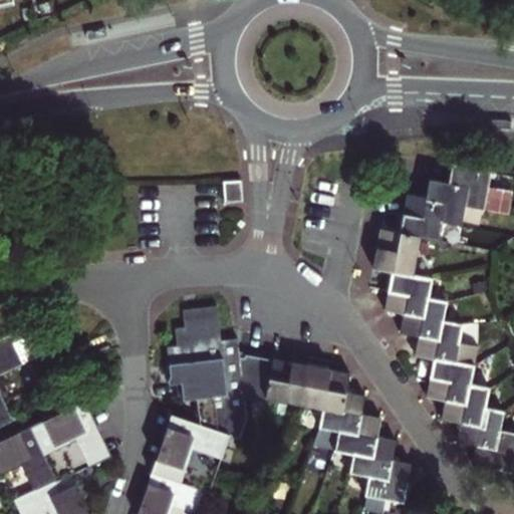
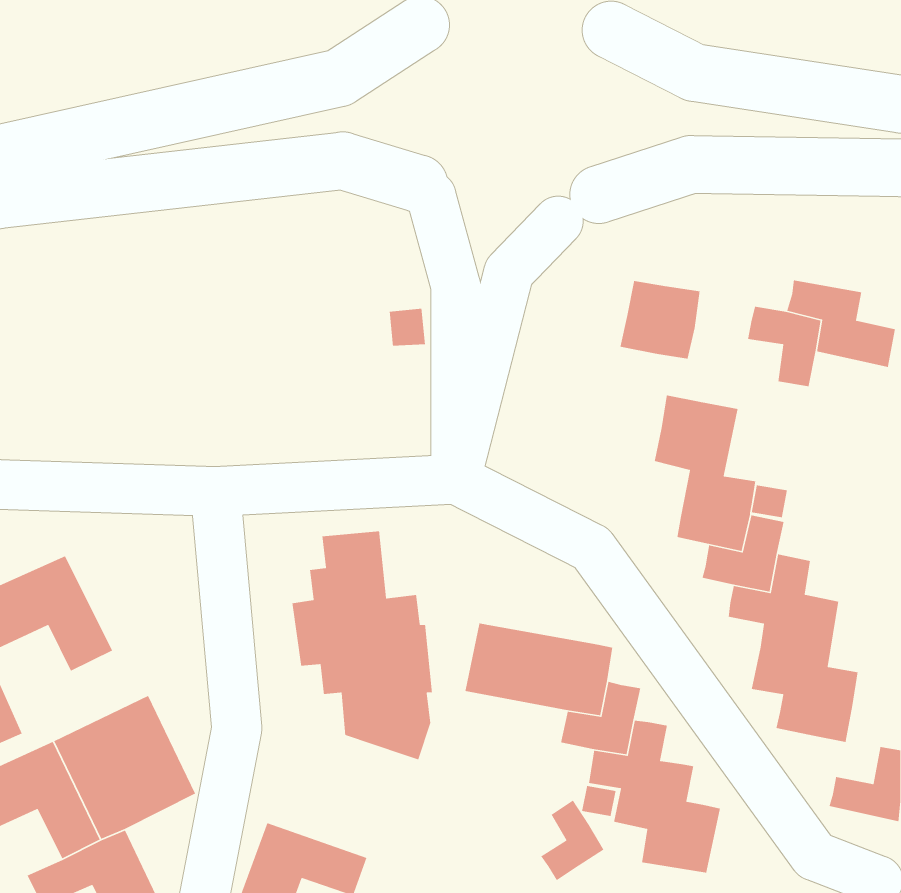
building: [399,196,445,241] -> [619,280,701,360]
building: [242,357,272,400] -> none
building: [457,407,504,451] -> none
building: [152,416,229,493] -> none
building: none -> [540,799,604,881]

